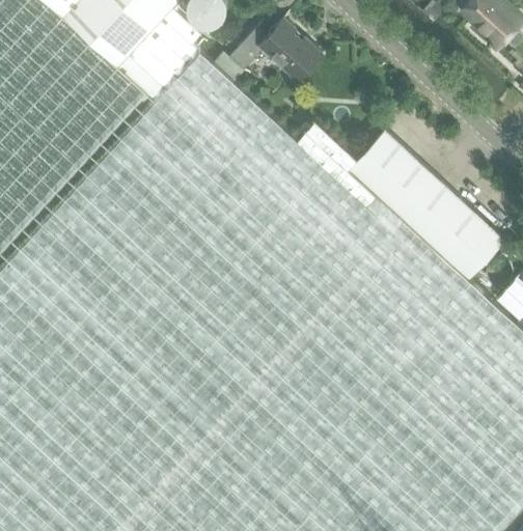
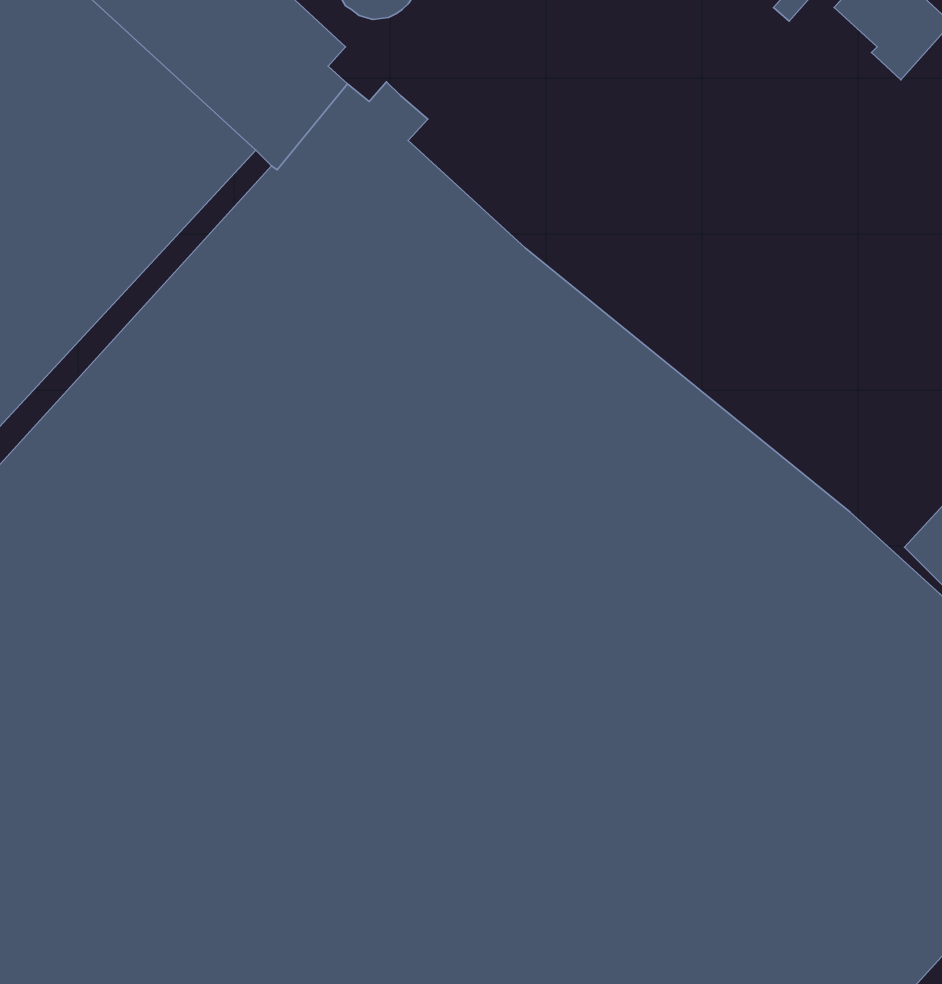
building: [229,18,322,81] -> none
building: [296,118,503,278] -> none

